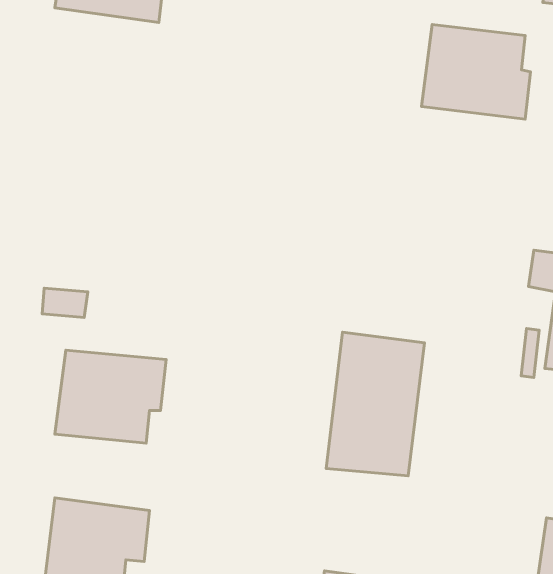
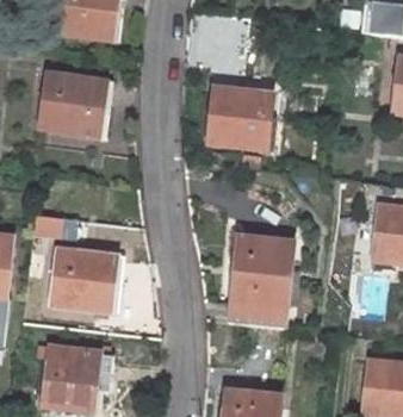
building: [421,24,531,119] -> [205,89,277,151]
building: none -> [41,68,114,130]

